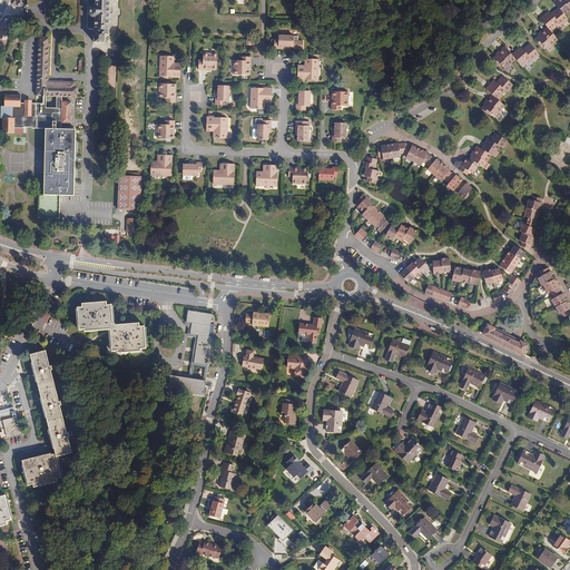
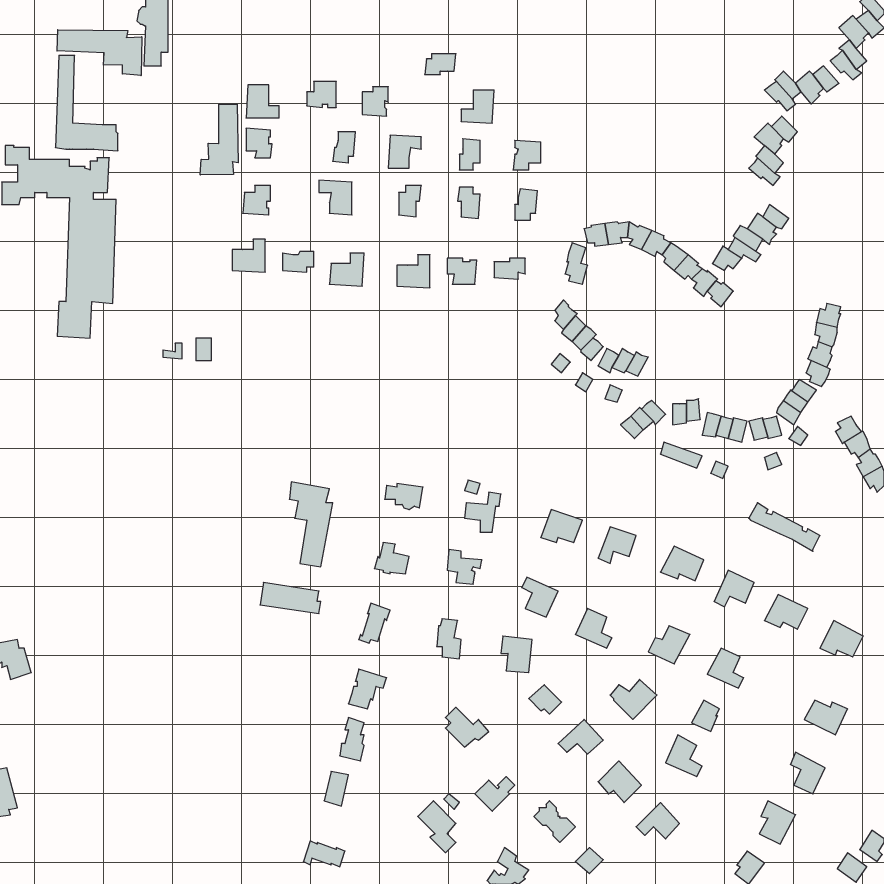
building: none -> [57,30,142,76]
building: none -> [200,104,238,175]
building: [116,174,140,208] -> none
building: [76,301,145,352] -> none
building: [21,350,71,487] -> none

